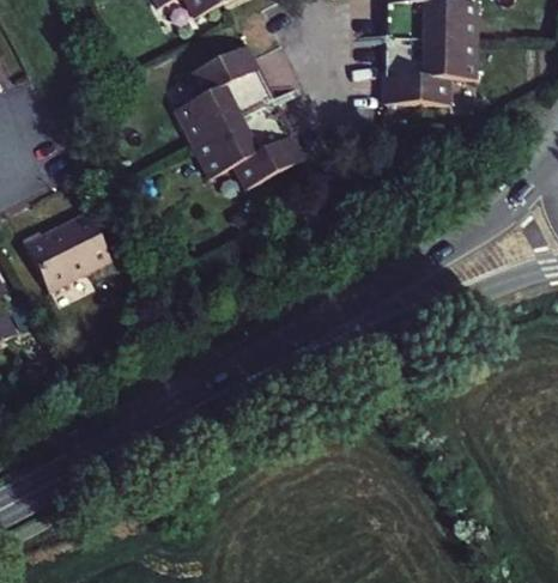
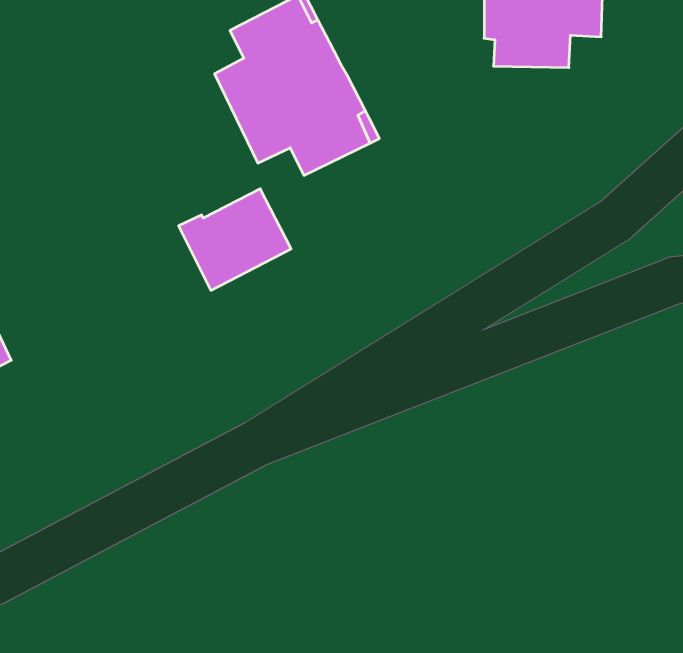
building: [25,212,113,291] -> [179,189,291,290]

